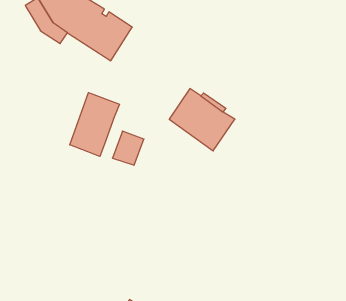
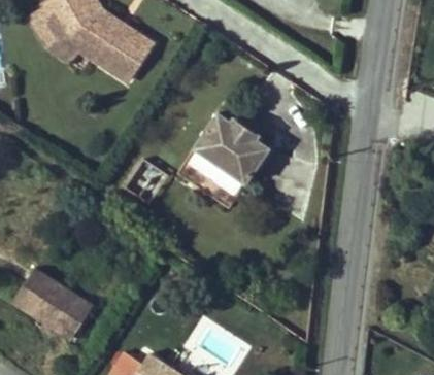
building: [70,93,120,156] -> none
building: none -> [13,268,94,339]

